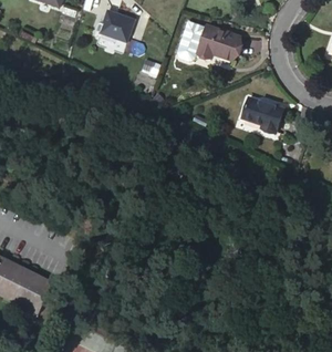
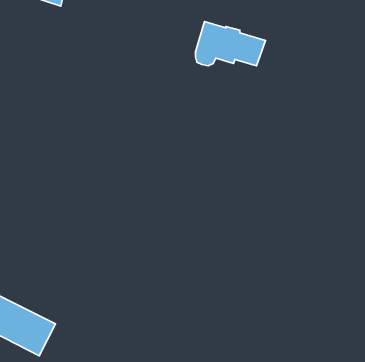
building: [100,11,134,43] -> none
building: [239,97,281,134] -> none

